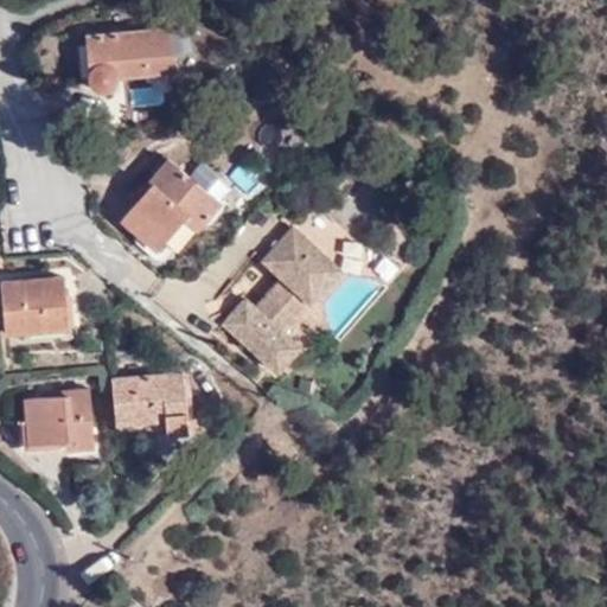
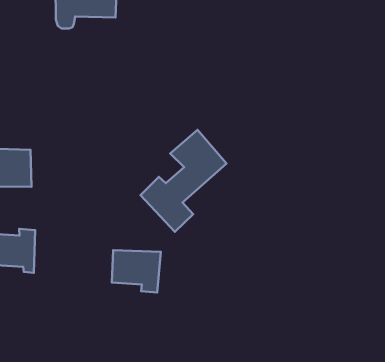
building: [114,155,210,257] -> none
building: [113,377,180,435] -> [112,250,161,293]

